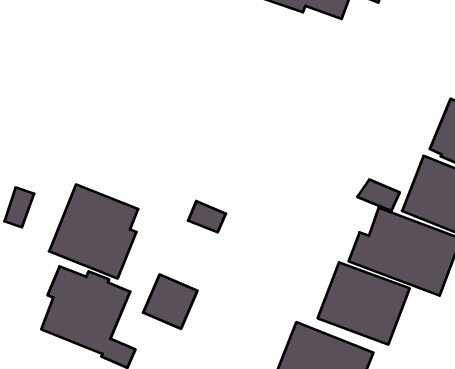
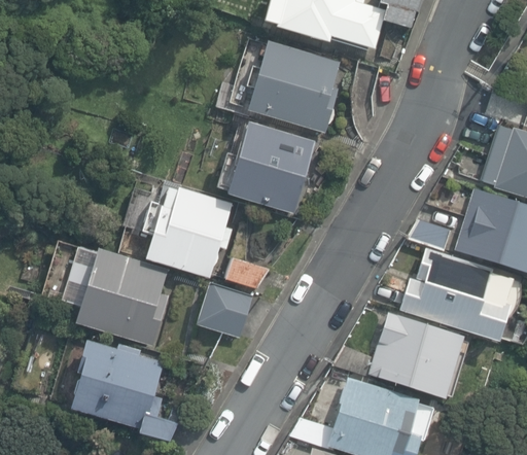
building: none -> [249,42,339,132]
building: none -> [227,120,317,212]
building: none -> [145,186,231,277]
building: [143,275,197,329] -> [197,280,253,337]

